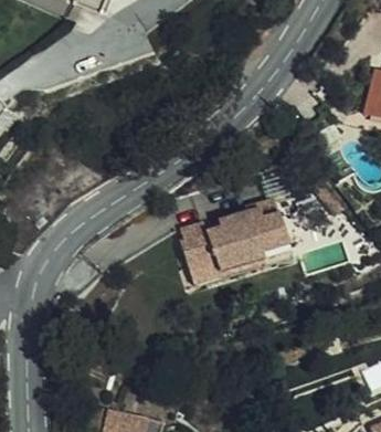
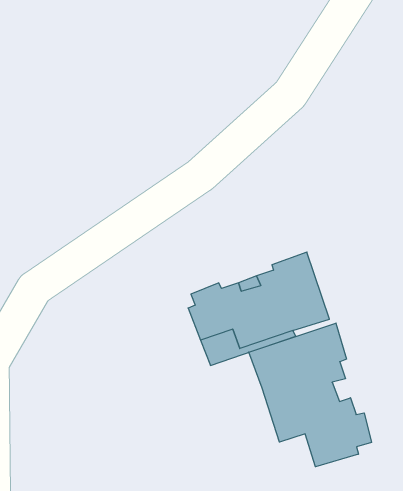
building: none -> [249,323,371,467]

